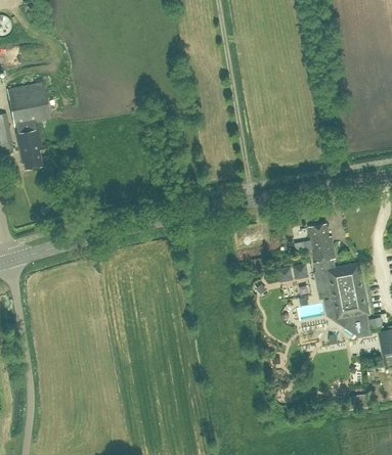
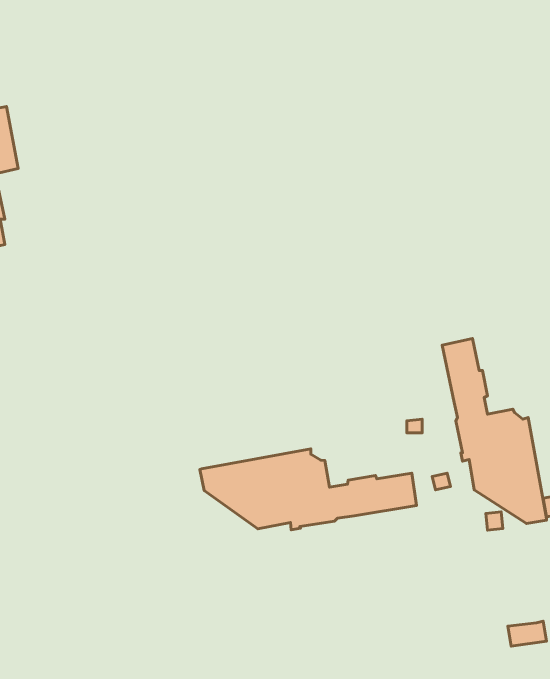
building: none -> [200,449,416,530]

